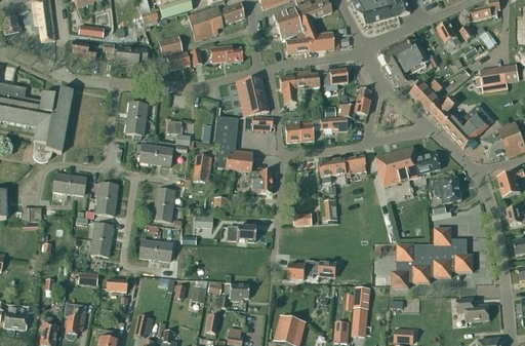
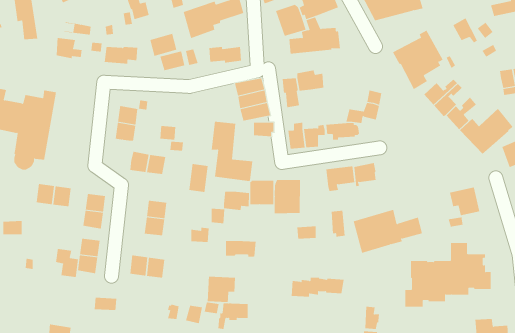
building: [323,69,347,90] -> none
building: [375,145,440,186] -> [353,209,423,254]
building: none -> [274,179,300,214]
building: none -> [223,191,249,211]
building: none -> [55,248,78,278]
building: none -> [207,276,236,303]

